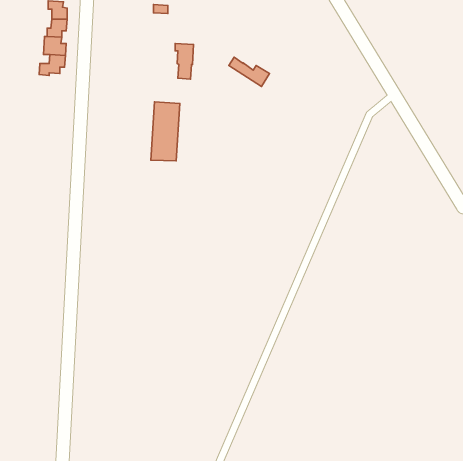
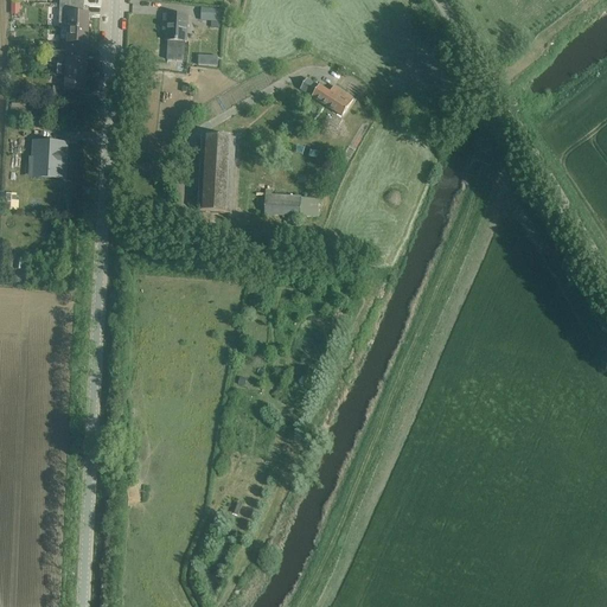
building: [175,44,193,79] -> [162,11,186,57]
building: none -> [34,142,62,172]
building: none -> [263,187,318,216]

